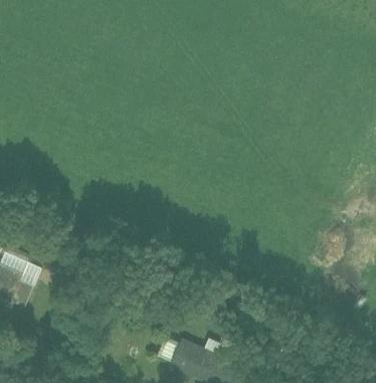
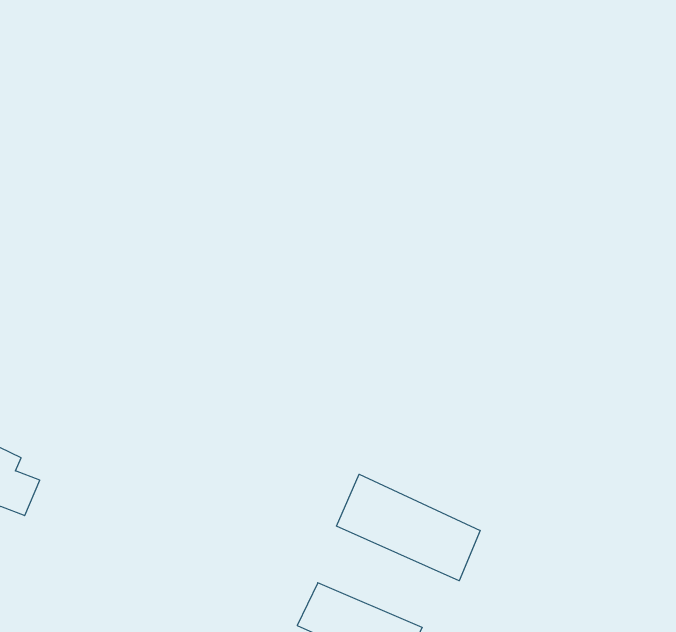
building: none -> [337,474,480,581]

